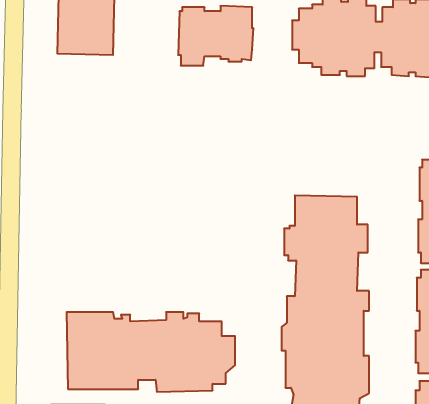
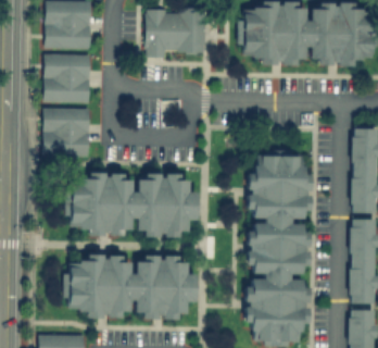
building: none -> [50,53,97,102]
building: none -> [50,108,96,157]
building: none -> [60,178,191,245]

